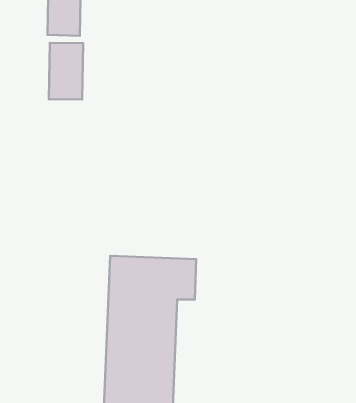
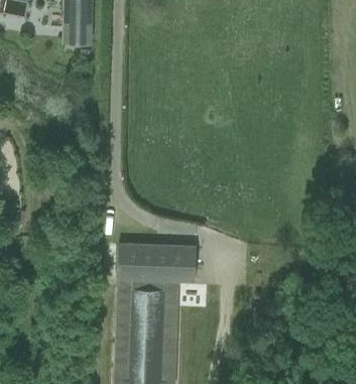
building: [49,43,83,99] -> none

